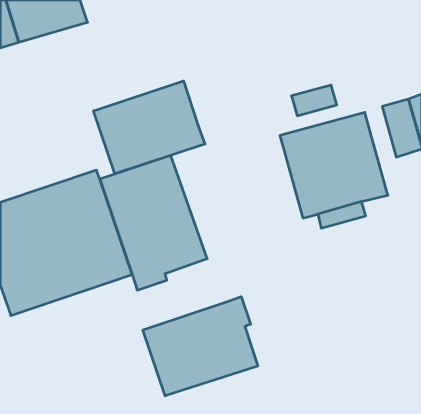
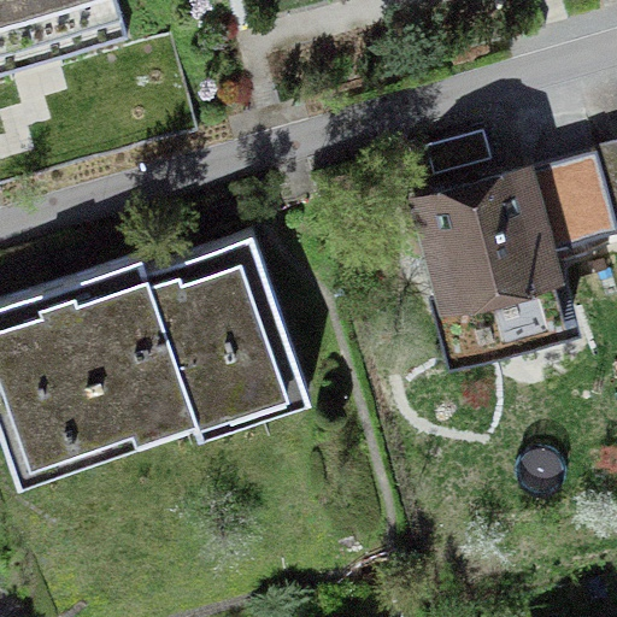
building: [94,81,205,174] -> none
building: [143,297,258,396] -> none

